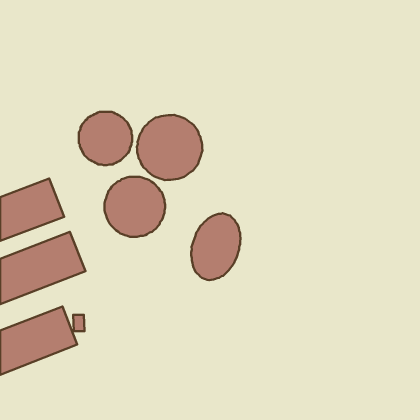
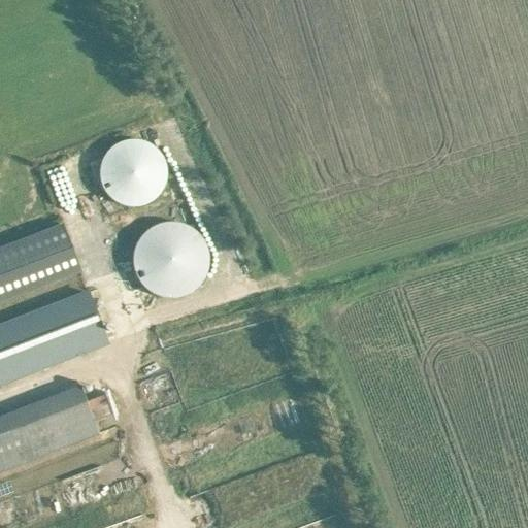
building: [137,115,202,180] -> none
building: [191,213,241,280] -> none

